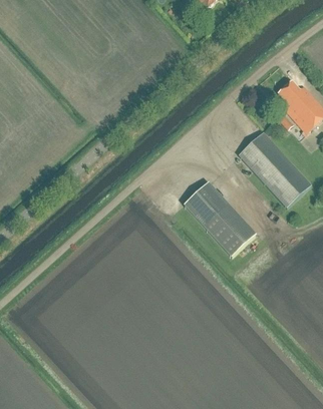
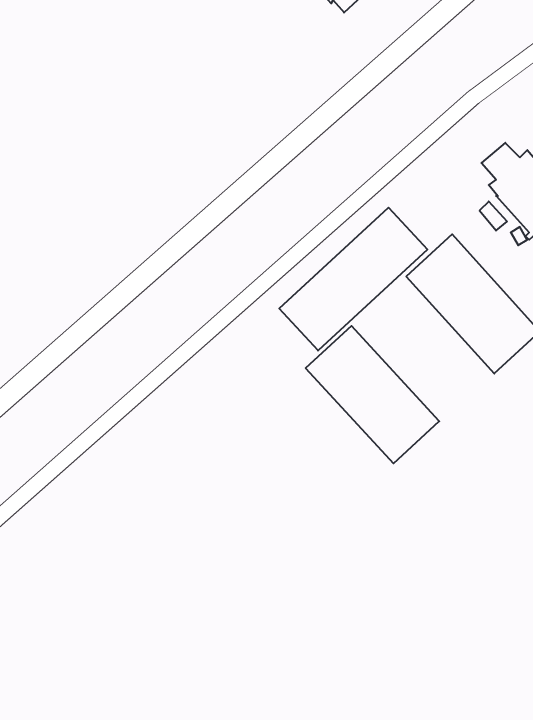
building: none -> [279,208,427,351]

